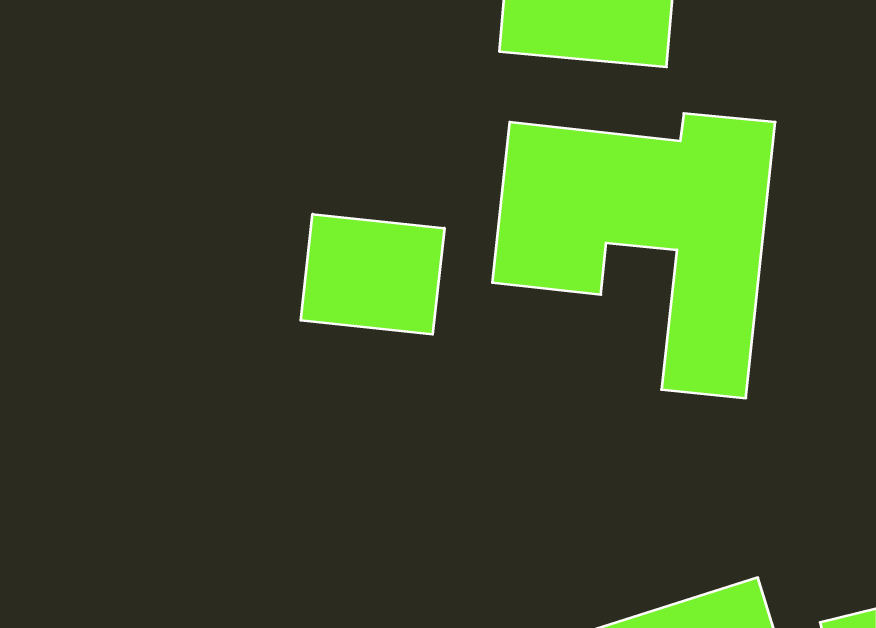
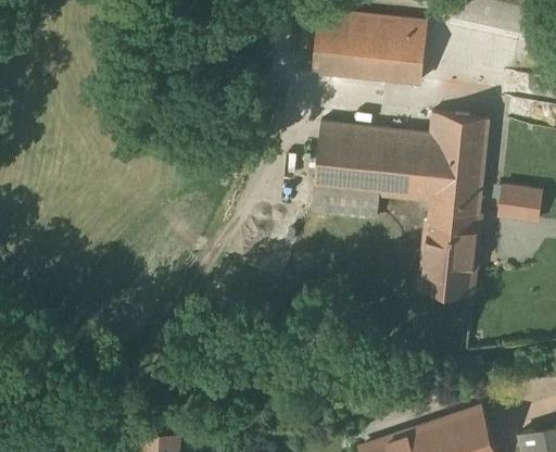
building: [301,214,444,334] -> none
building: none -> [501,184,542,221]

